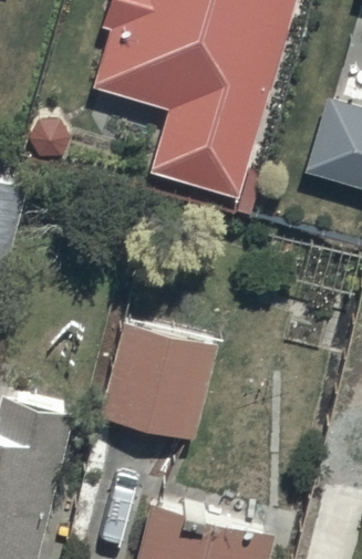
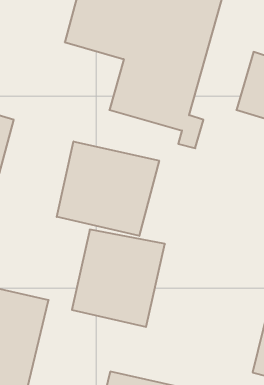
building: none -> [57,141,159,236]

